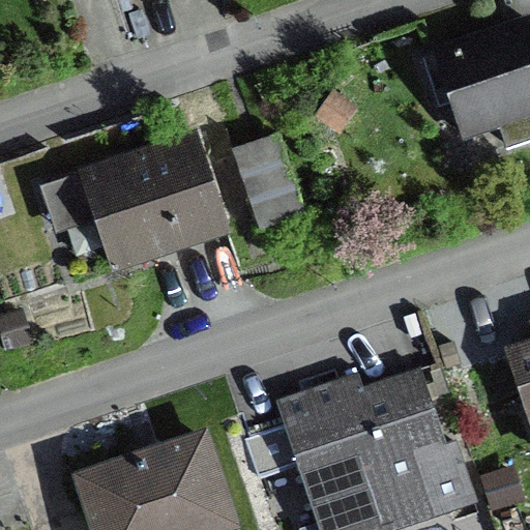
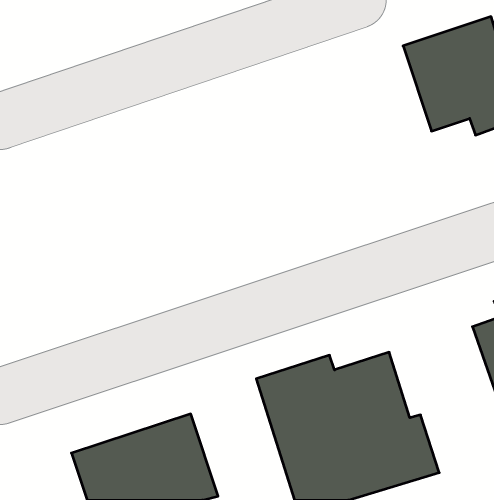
building: [77,132,227,270] -> none
building: [239,141,304,227] -> none

